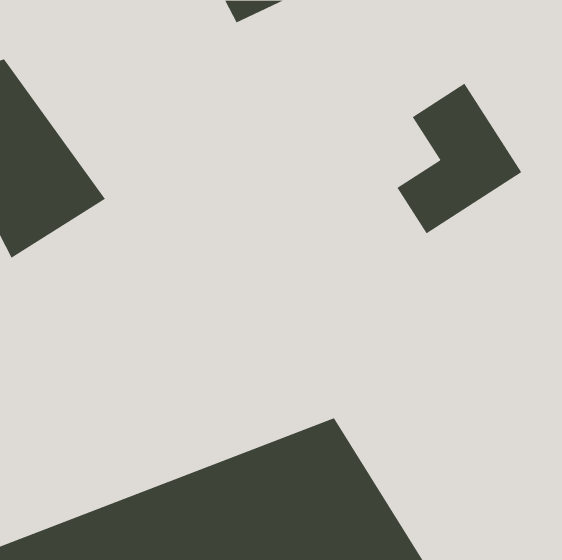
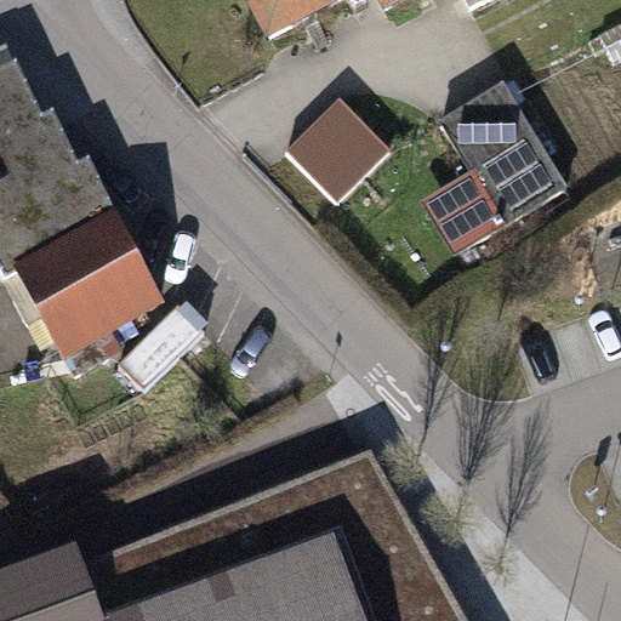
building: none -> [295,108,399,212]
building: none -> [12,223,160,360]

